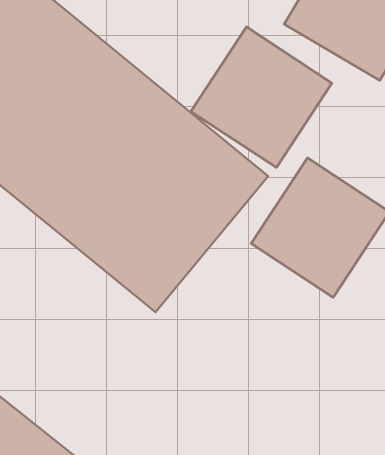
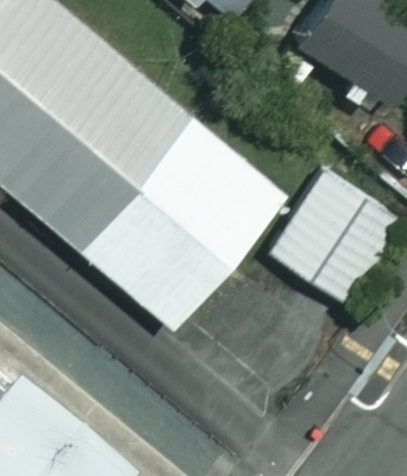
building: [191,27,332,167] -> none

